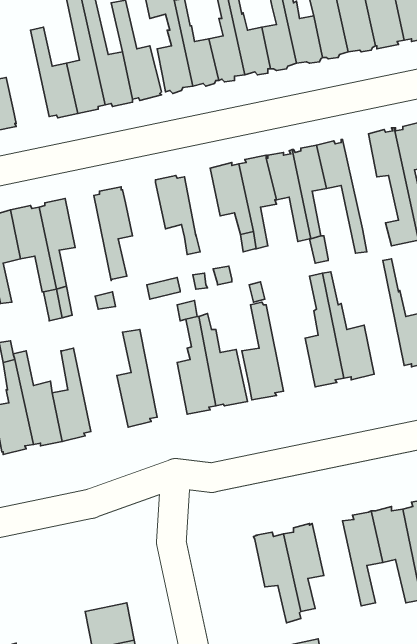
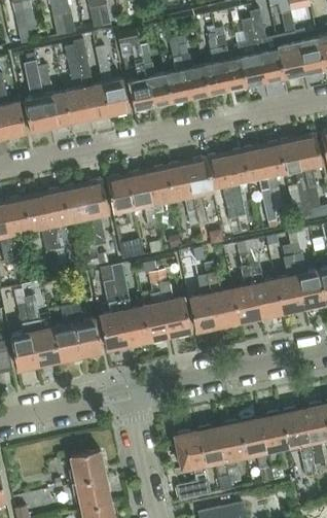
building: none -> [23,63,50,135]
building: none -> [260,141,285,209]
building: none -> [147,166,173,214]
building: none -> [106,175,136,225]
building: none -> [62,184,96,250]
building: none -> [276,232,304,313]
building: none -> [112,263,149,345]
building: none -> [206,263,241,325]
building: none -> [68,292,103,355]
building: none -> [239,417,274,482]
building: none -> [175,430,211,500]
building: none -> [70,450,106,483]

